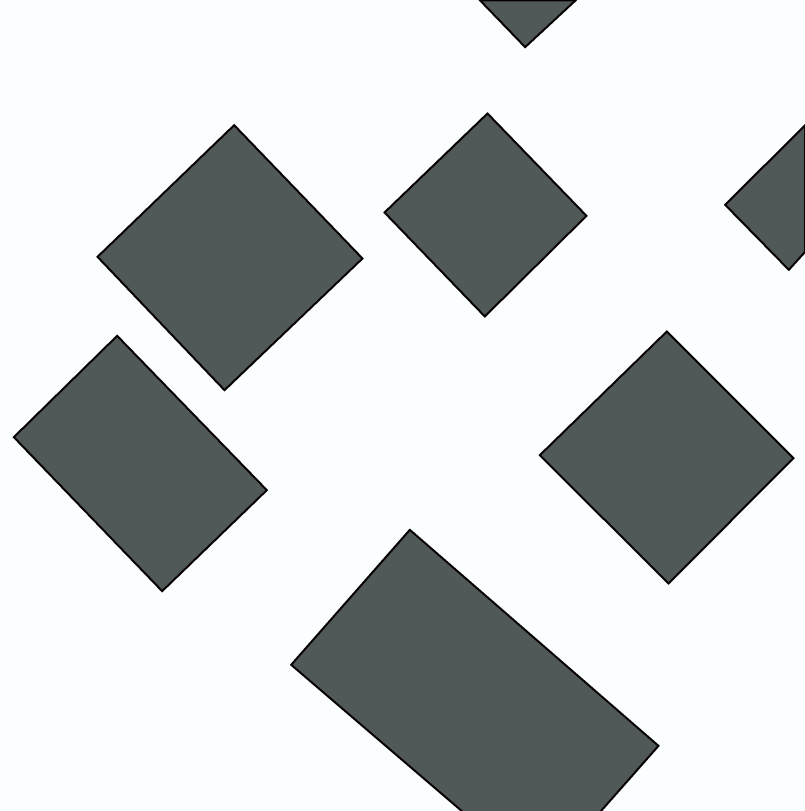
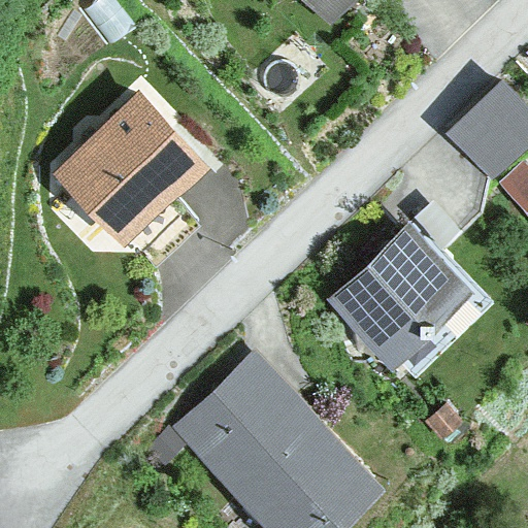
building: [385,113,586,316] -> none
building: [14,336,267,591] -> none

